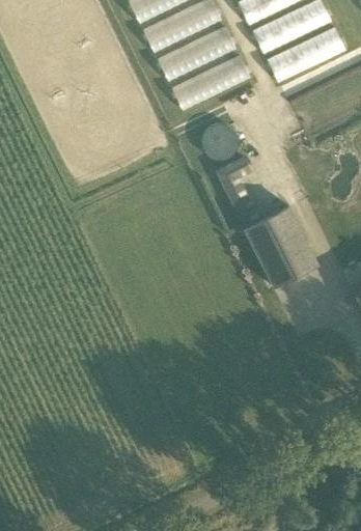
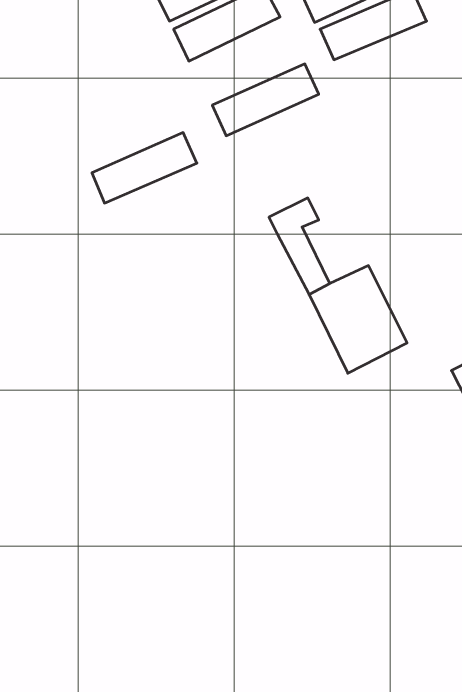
building: [158,27,237,80] -> [92,133,197,203]
building: [267,27,345,82] -> none
building: [201,120,239,160] -> none

